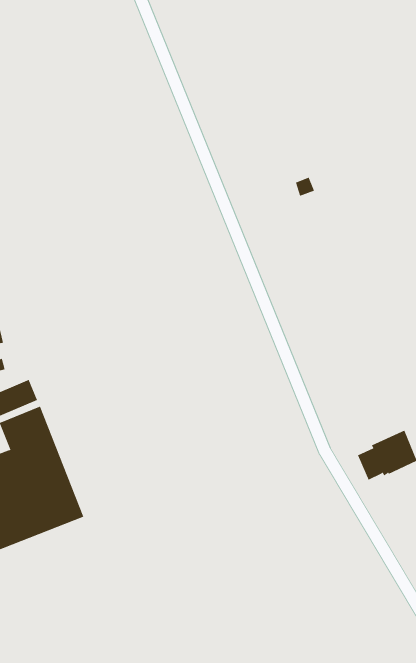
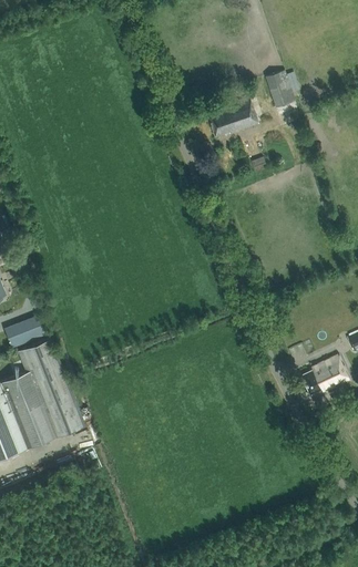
building: none -> [265,71,295,109]
building: none -> [208,100,259,136]

